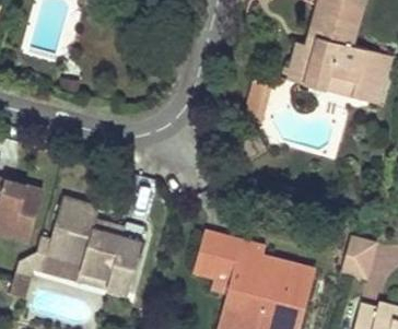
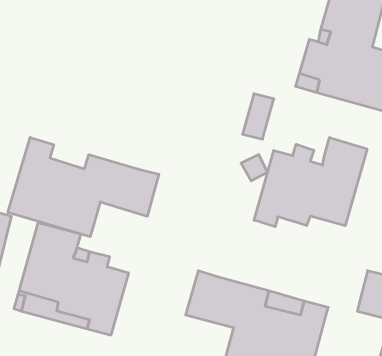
building: none -> [254,137,367,227]
building: none -> [8,137,159,237]

